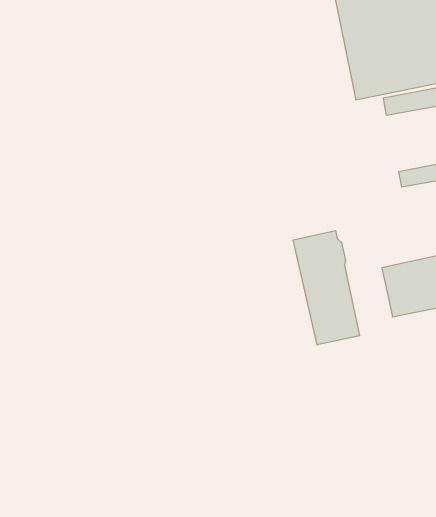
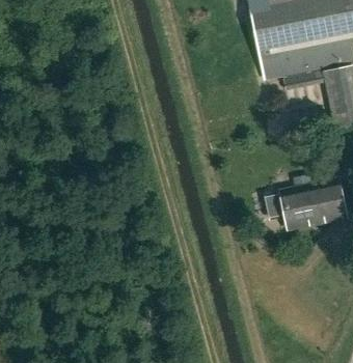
building: [293,231,360,345] -> none

